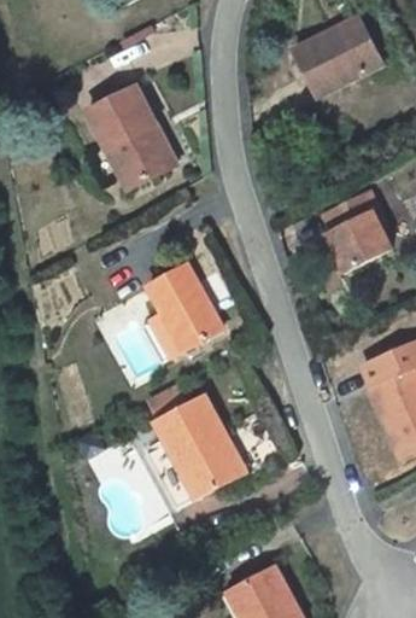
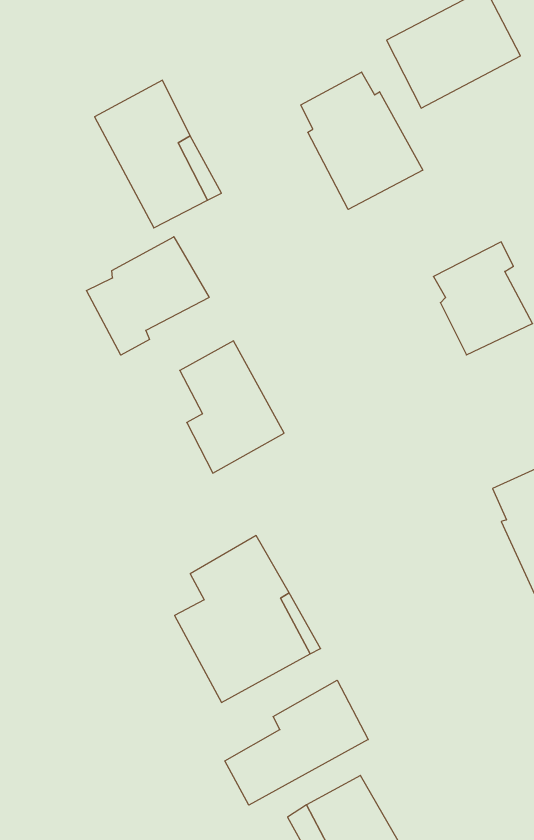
building: none -> [301,72,423,209]
building: none -> [86,237,209,355]
building: none -> [225,680,368,805]

